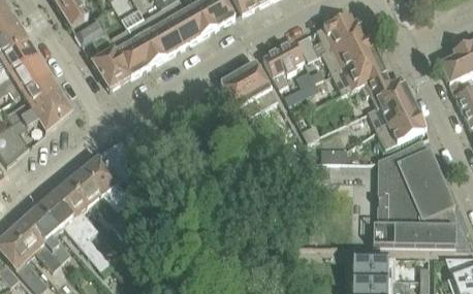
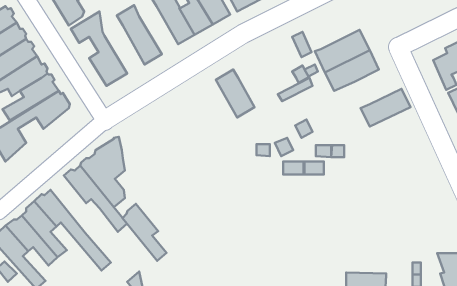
building: [143,8,182,57] -> none
building: [316,13,366,52] -> none
building: [107,28,148,76] -> none
building: [262,41,304,88] -> none
building: [238,62,278,110] -> none
building: [360,72,408,107] -> none
building: [376,110,425,149] -> none
building: [378,149,455,250] -> none
building: [53,179,97,237] -> [123,204,166,261]
building: [352,257,395,281] -> none

